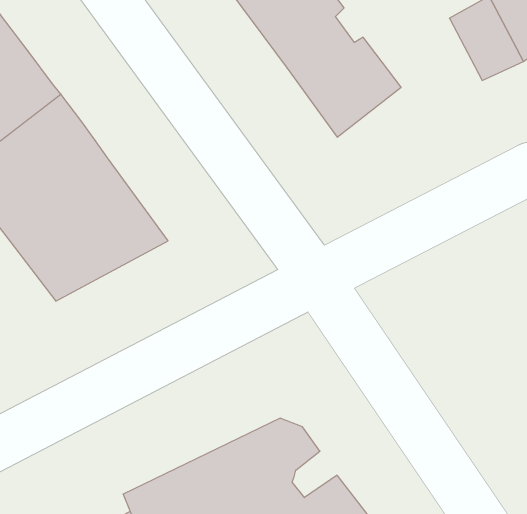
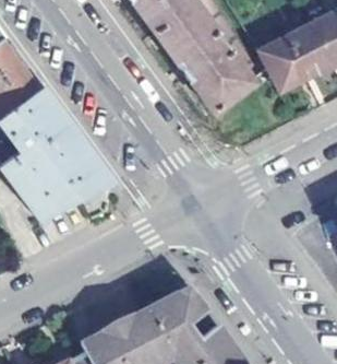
building: none -> [258,38,306,93]

